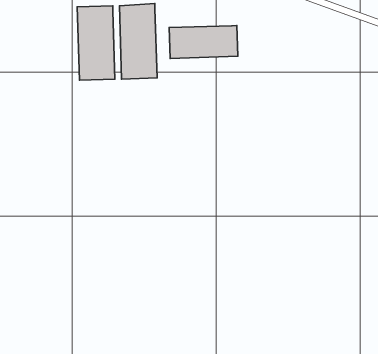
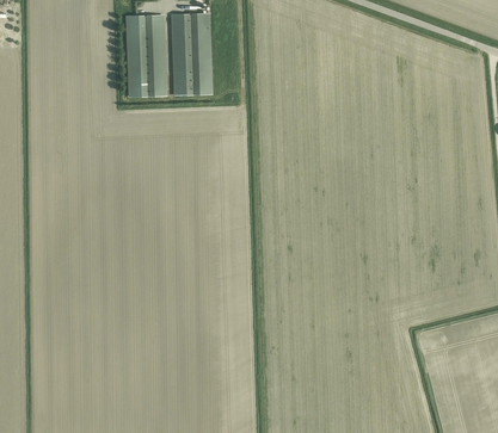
building: [169,25,238,58] -> none

